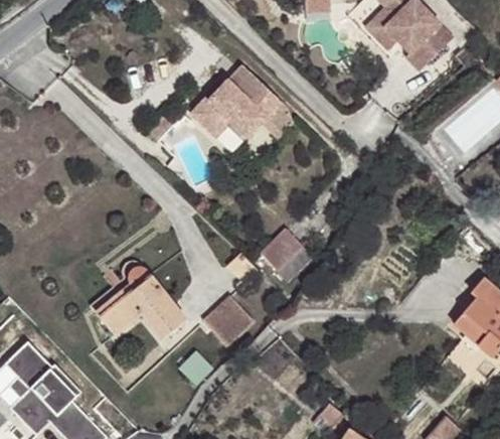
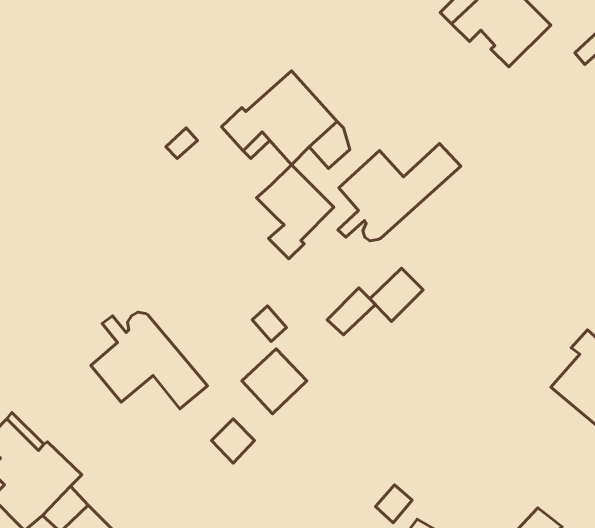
building: none -> [338,144,461,241]
building: none -> [257,165,334,259]
building: [259,227,301,269] -> [370,268,423,322]

